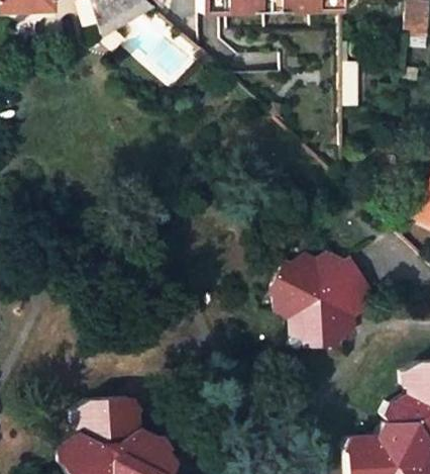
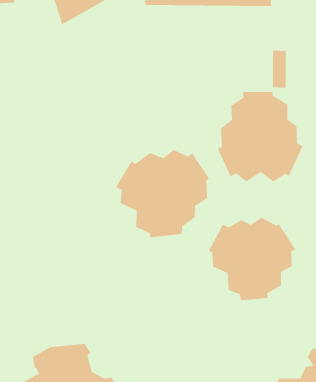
building: none -> [217,91,303,183]
building: none -> [115,149,210,238]

